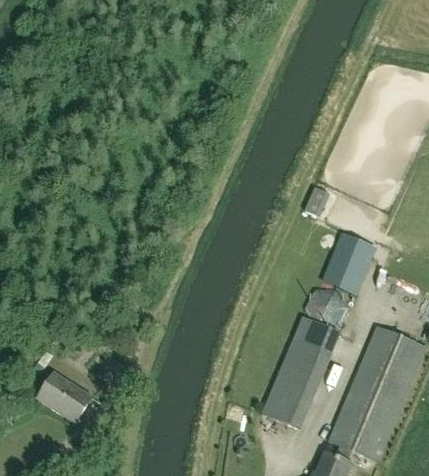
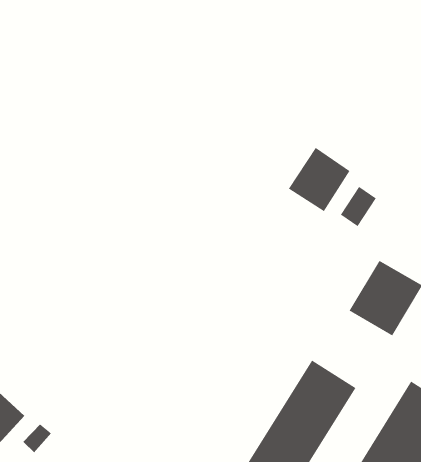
building: none -> [288,147,351,212]
building: [305,290,346,327] -> none

